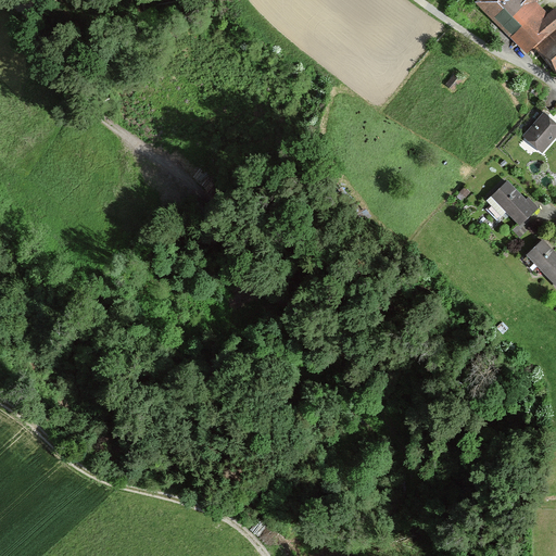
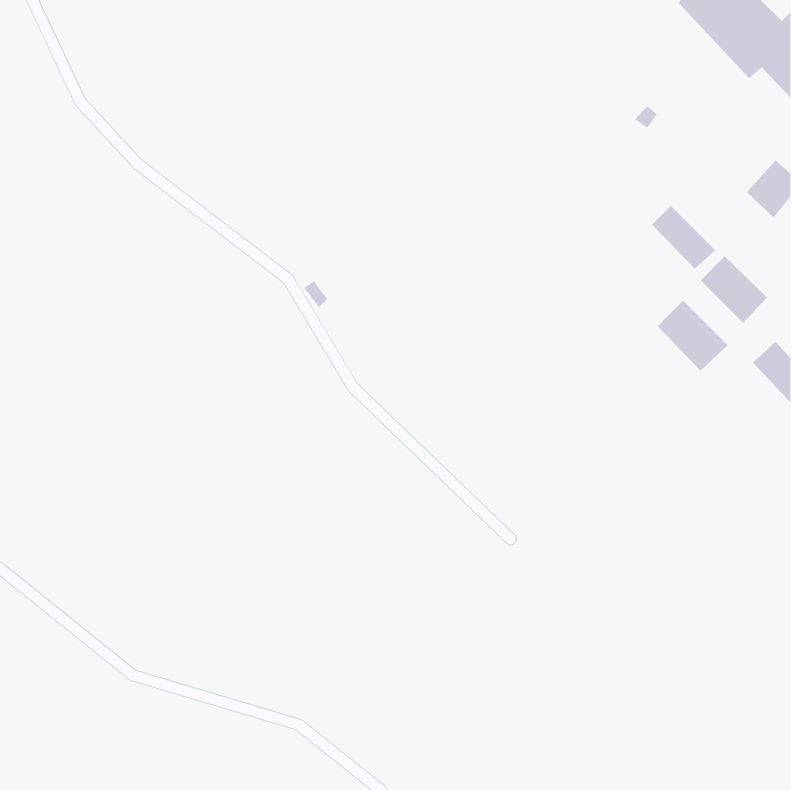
building: none -> [651,205,716,269]
building: none -> [657,300,729,372]

